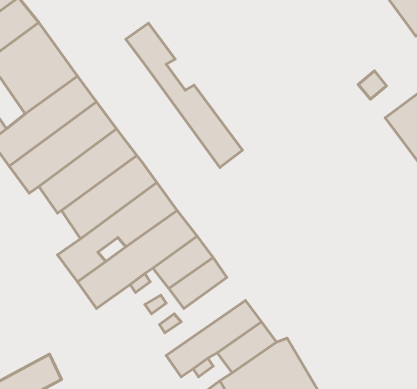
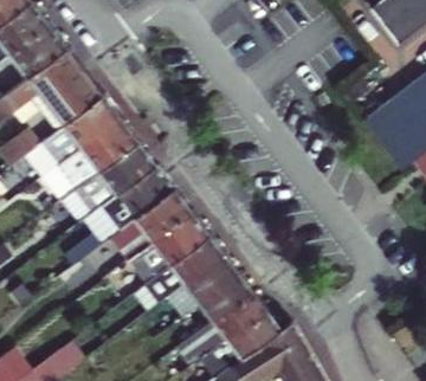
building: [126,23,243,167] -> none
building: none -> [195,271,250,318]

